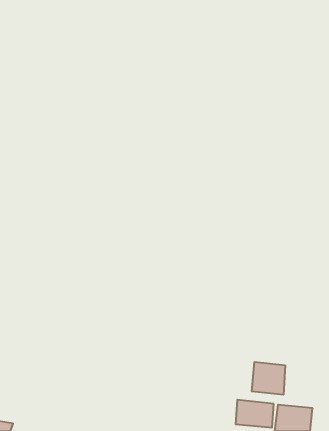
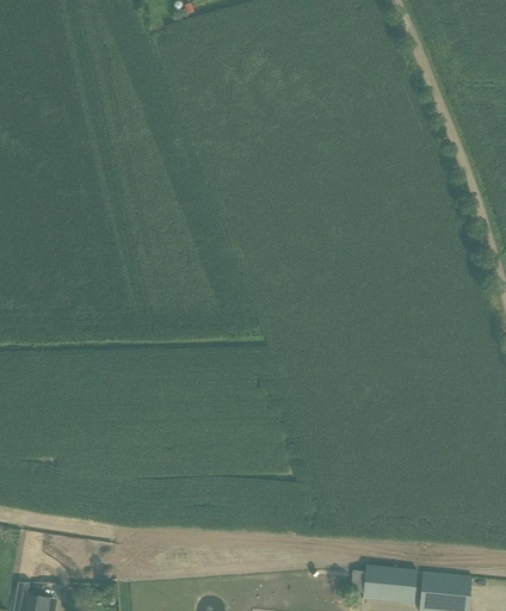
building: [252,362,285,395] -> none

